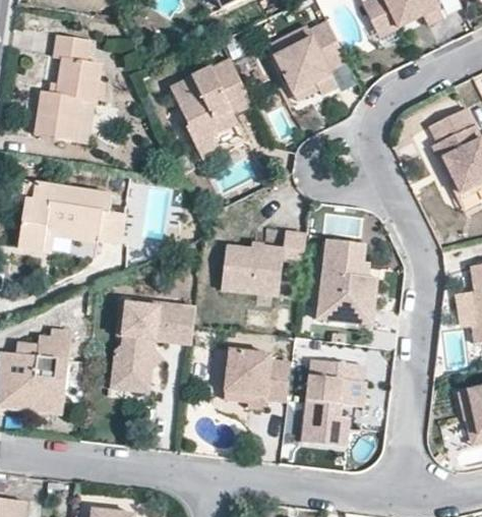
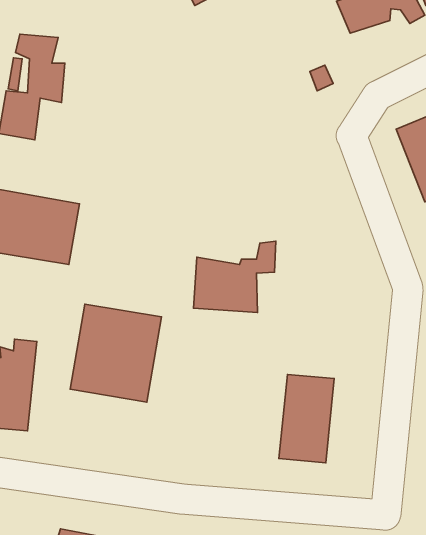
building: [267,21,347,95] -> none
building: [170,55,249,157] -> none
building: [316,241,376,319] -> none
building: [226,353,286,404] -> none

